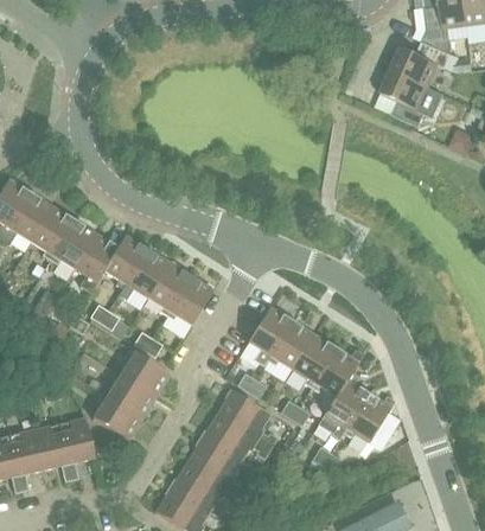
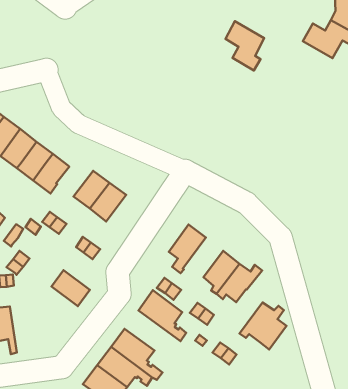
building: [379,69,427,127] -> [225,21,264,70]
building: [102,235,146,282] -> none
building: [167,275,211,324] -> none
building: [266,319,313,367] -> none
building: [120,351,168,395] -> none
building: [323,378,366,433] -> none
building: [91,395,141,439] -> none
building: [200,415,270,462] -> none
building: [58,417,92,479] -> none

